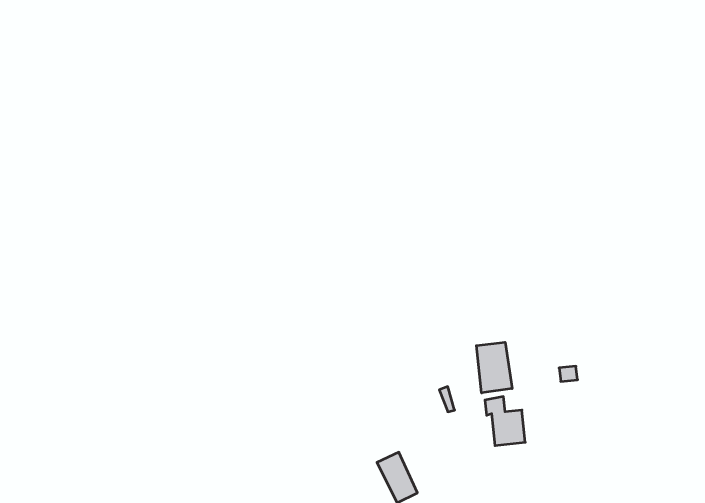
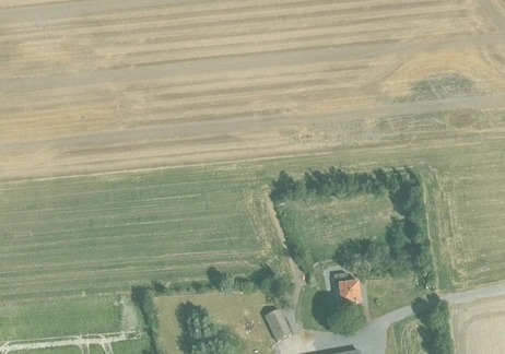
building: [476,342,512,393] -> none

